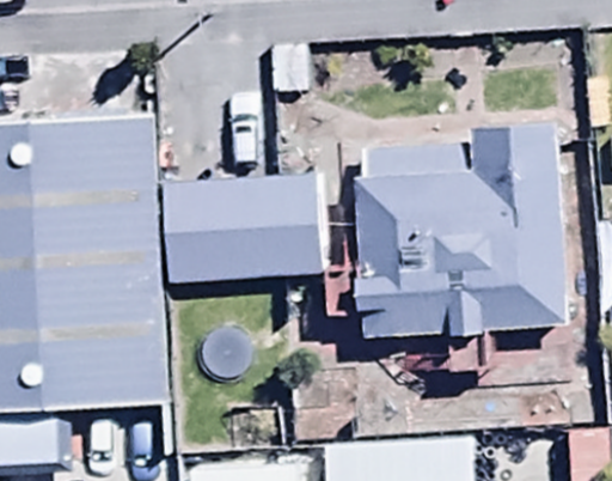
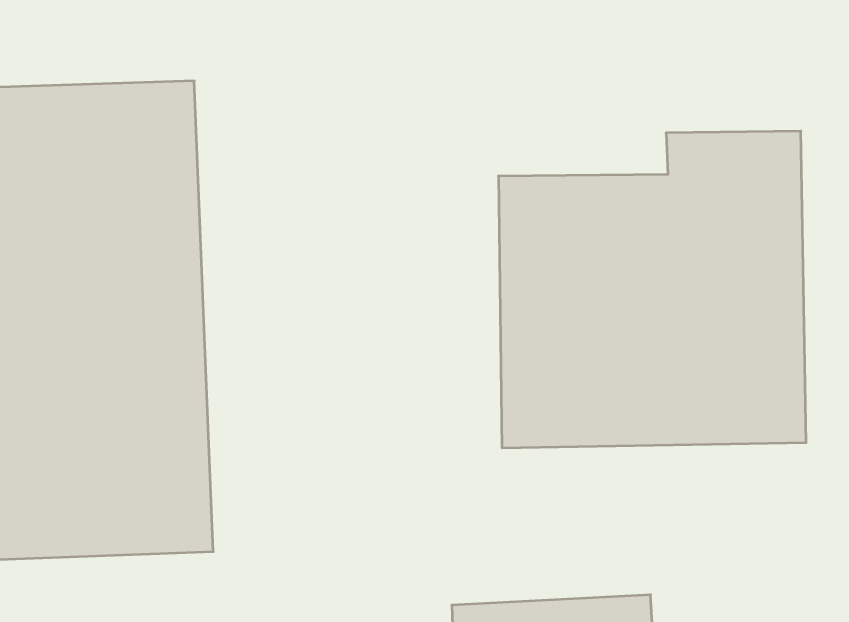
building: [165,177,318,285] -> none

